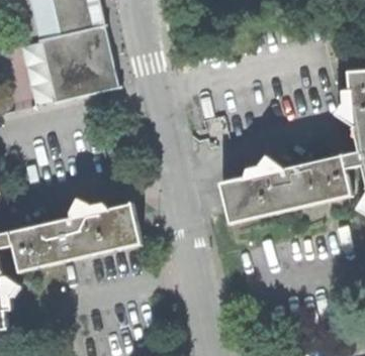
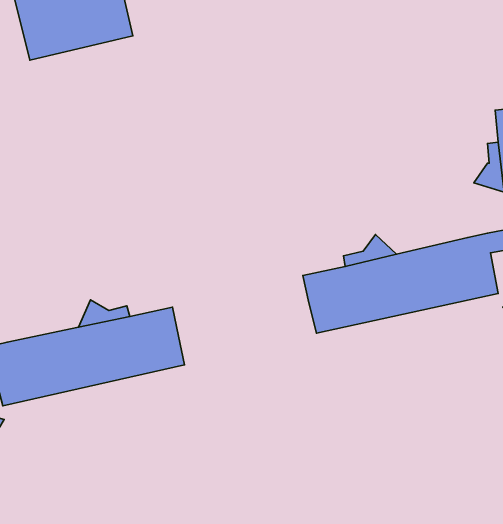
building: [35,25,120,102] -> none

